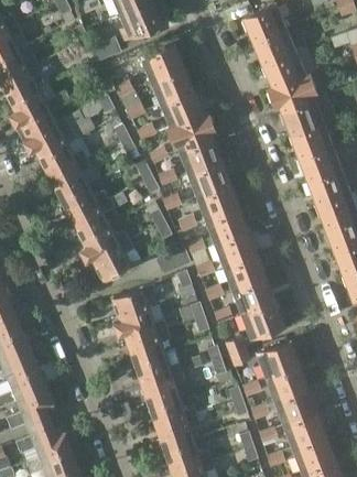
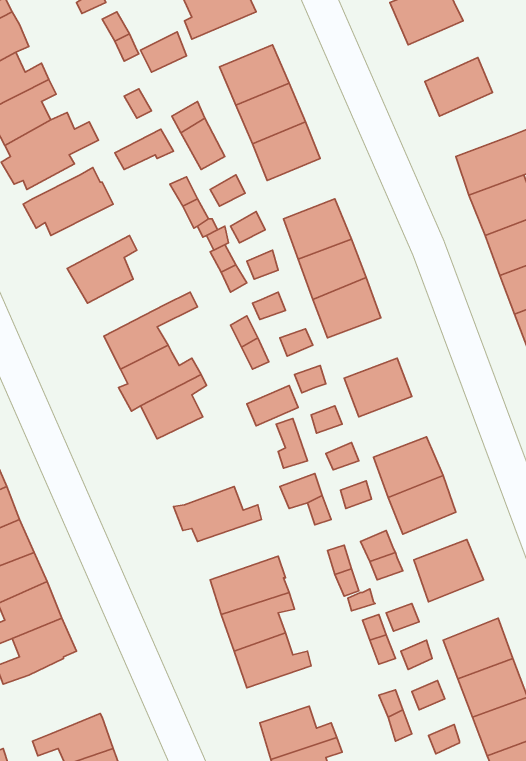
building: [255,28,305,67] -> none
building: [269,73,316,112] -> none
building: [165,113,214,150] -> none
building: [40,145,87,180] -> none
building: [62,186,108,220] -> none
building: [206,209,248,246] -> none
building: [225,257,266,293] -> none
building: [112,286,155,322] -> none
building: [128,330,176,367] -> none
building: [267,367,309,403] -> none
building: [15,414,69,459] -> none
building: [158,419,199,453] -> none

